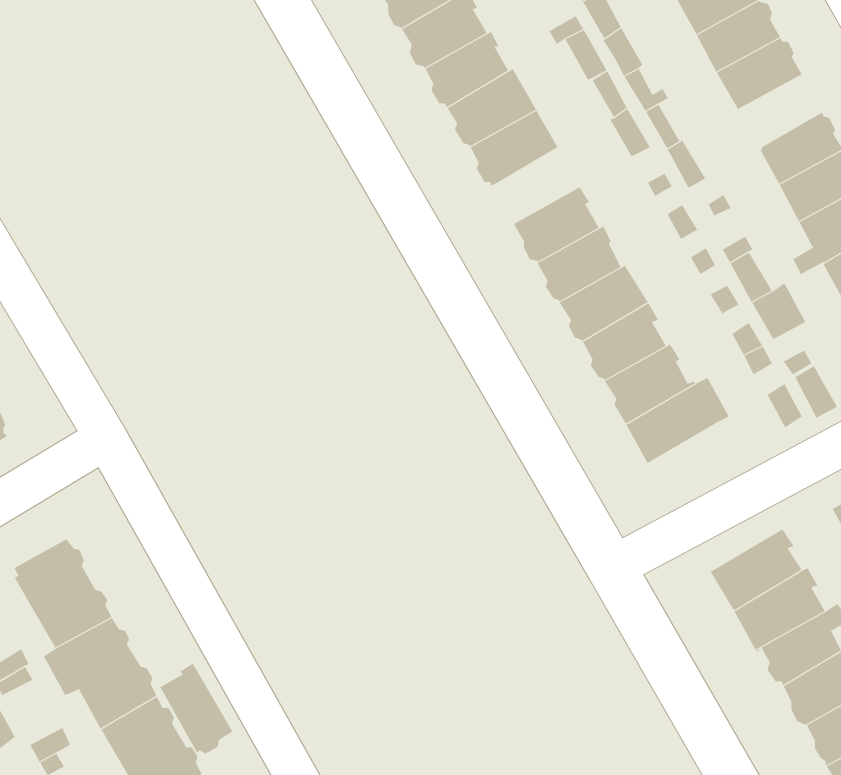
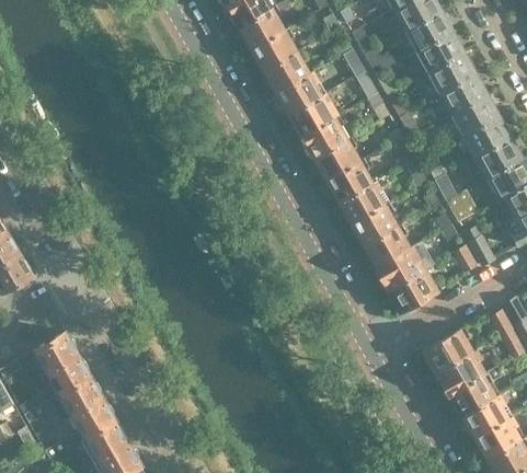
building: none -> [438,74,485,116]
building: none -> [301,115,351,158]
building: none -> [388,268,442,313]
building: [160,663,233,755] -> none

